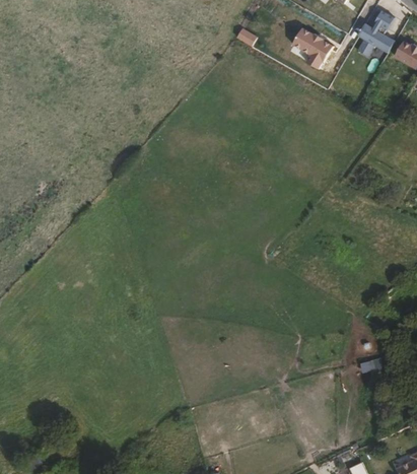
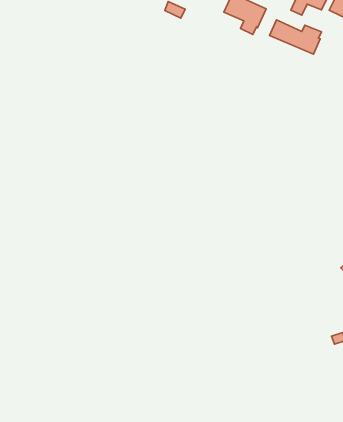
building: none -> [269,20,321,54]

